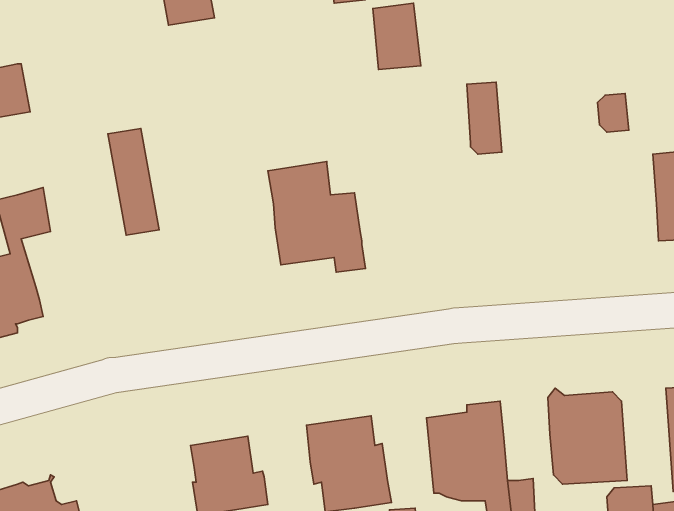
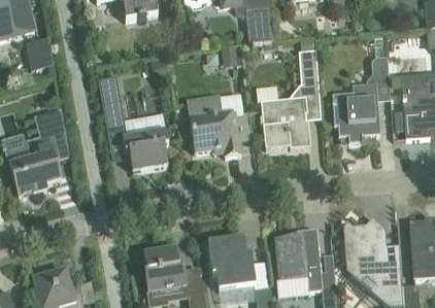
building: none -> [332,83,380,142]
building: none -> [260,96,310,147]
building: none -> [122,112,168,171]

